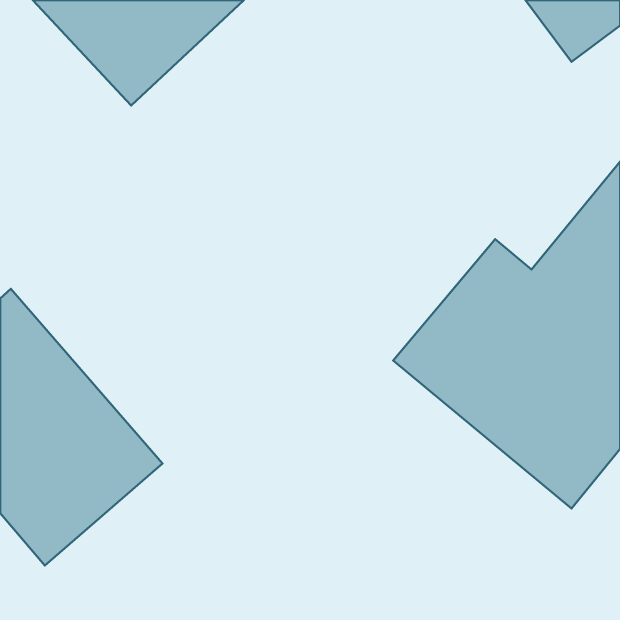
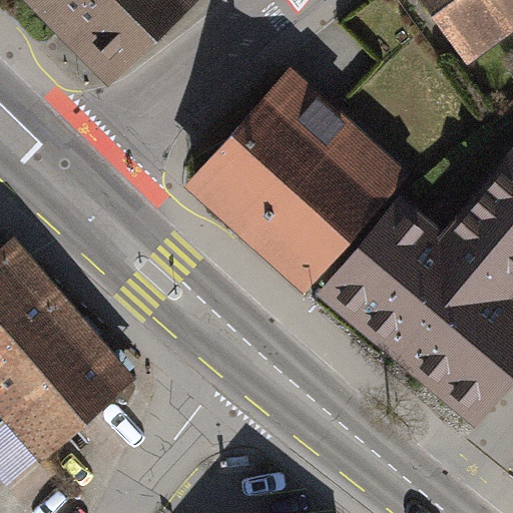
building: none -> [196,74,400,277]

